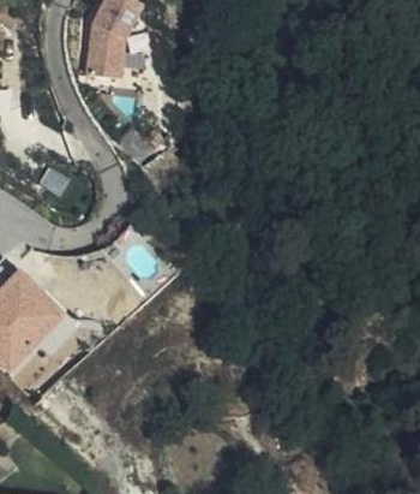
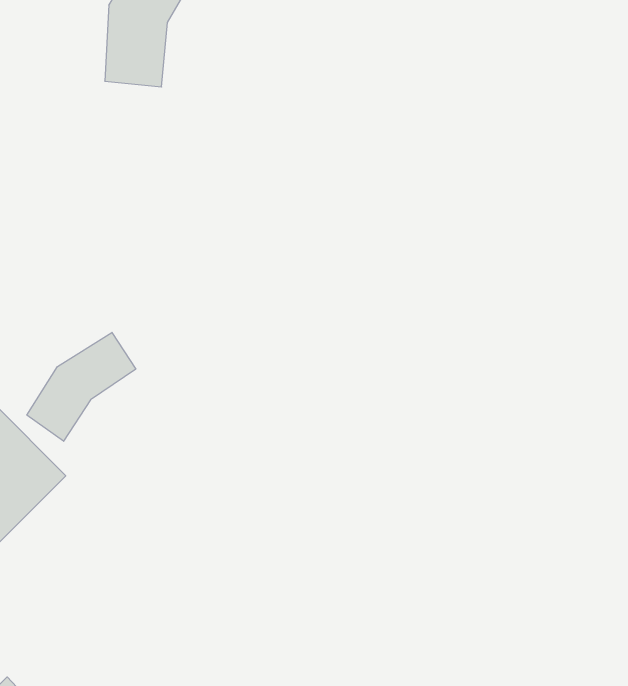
building: none -> [27,332,136,441]

